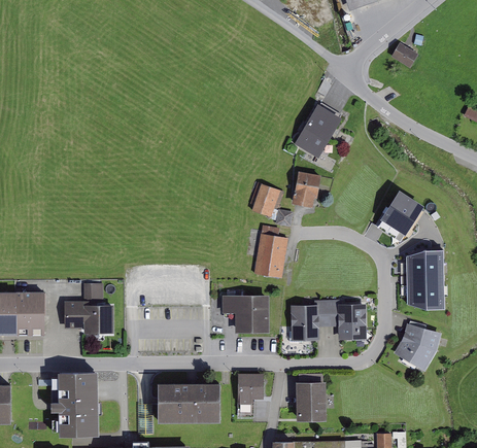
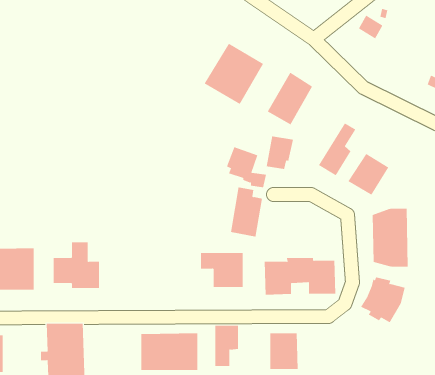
building: none -> [204,43,264,105]
building: none -> [318,122,356,176]

